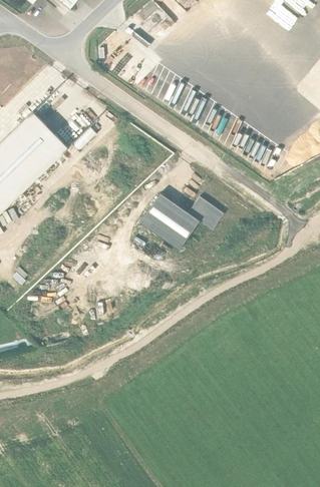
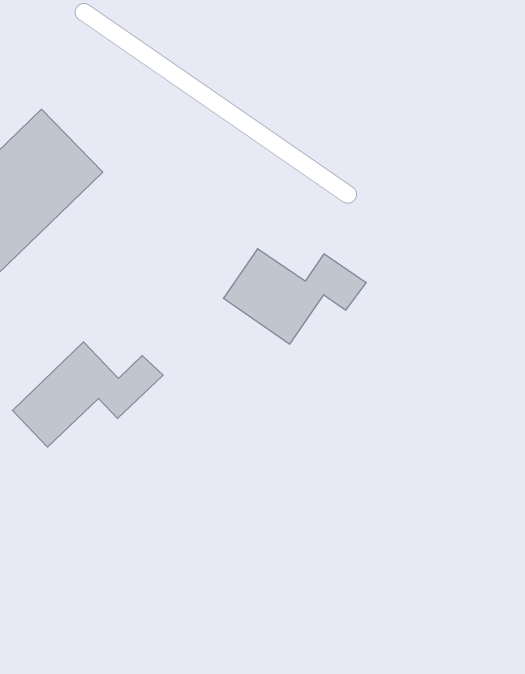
building: none -> [12,342,163,447]

